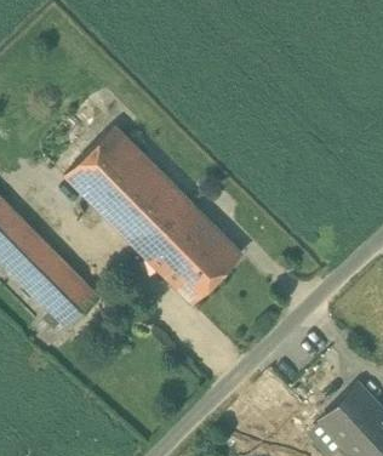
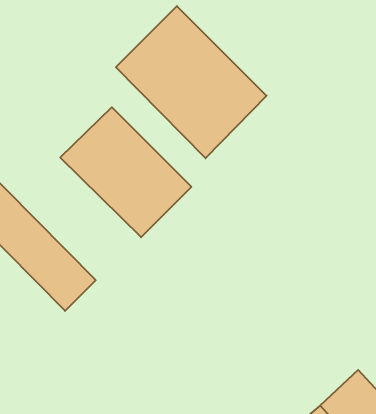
building: none -> [116,6,267,158]
building: [144,205,242,304] -> none

